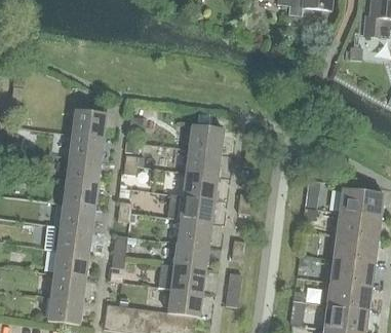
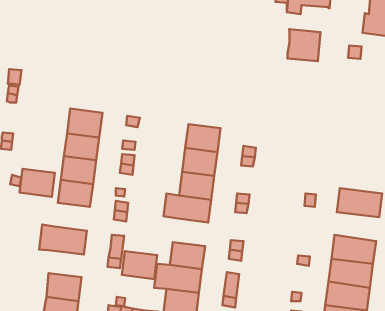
building: none -> [288,29,321,61]
building: [60,202,94,230] -> [20,169,55,197]
building: [337,212,381,240] -> none
building: [177,218,211,246] -> [122,251,157,279]
building: [53,250,88,276] -> none

